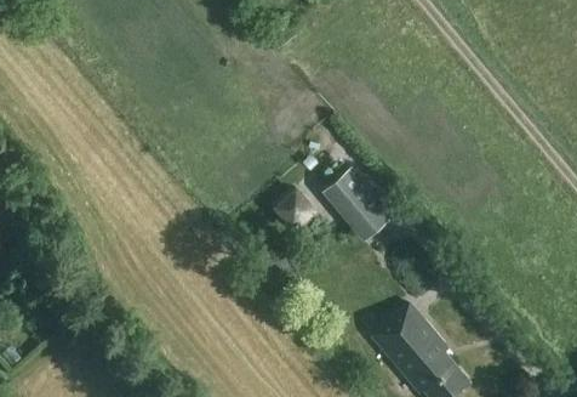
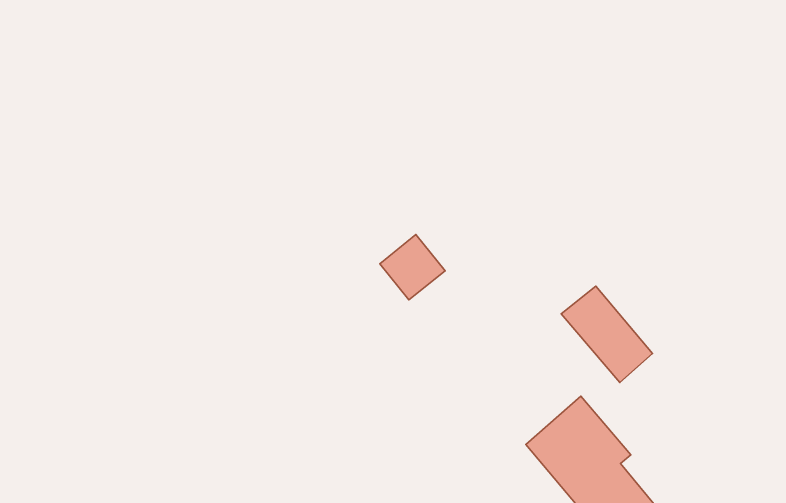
building: [326,168,390,236] -> [561,286,652,383]

